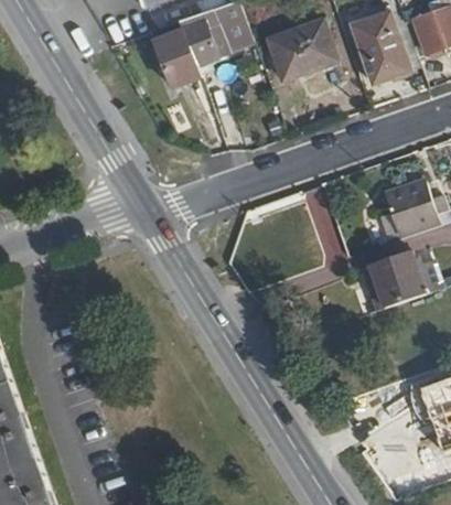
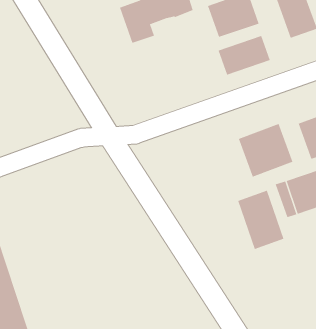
building: none -> [218,35,270,75]
building: none -> [238,123,293,178]
building: none -> [238,190,284,250]

